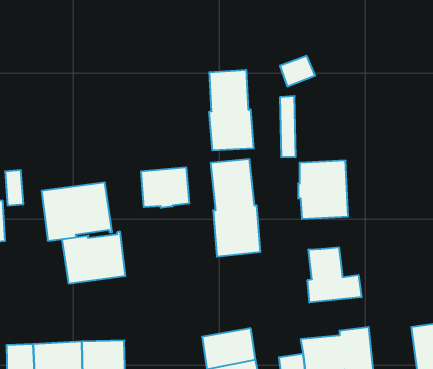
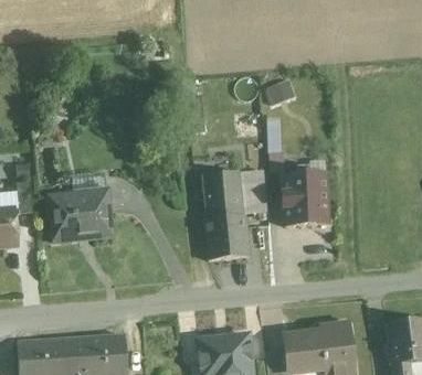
building: [209,70,254,150] -> none
building: [141,167,189,208] -> none
building: [62,231,125,284] -> none
building: [308,247,361,303] -> none

